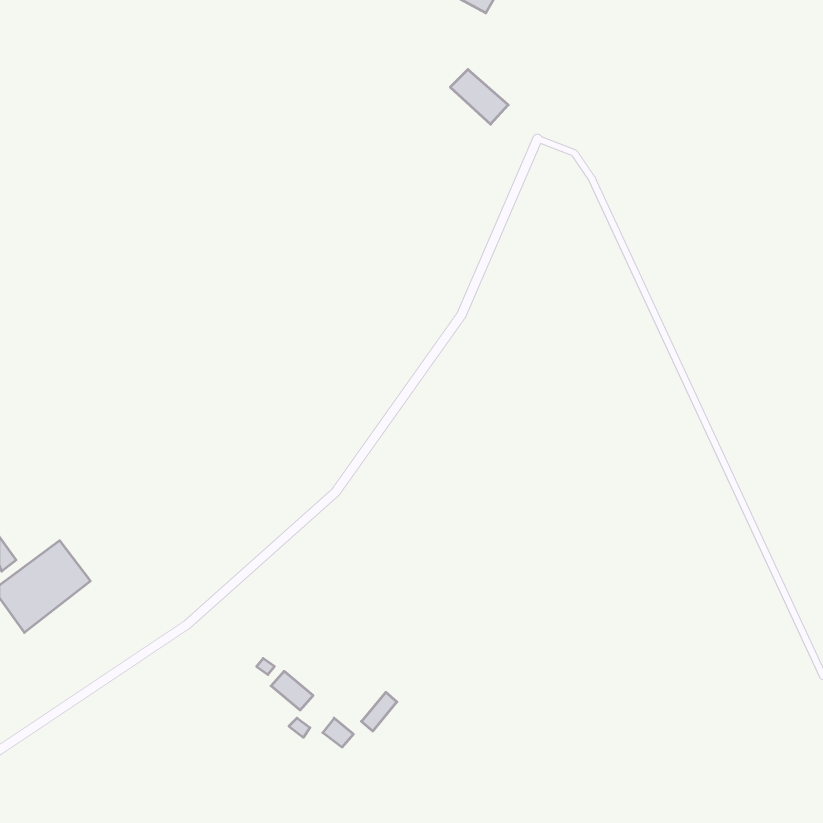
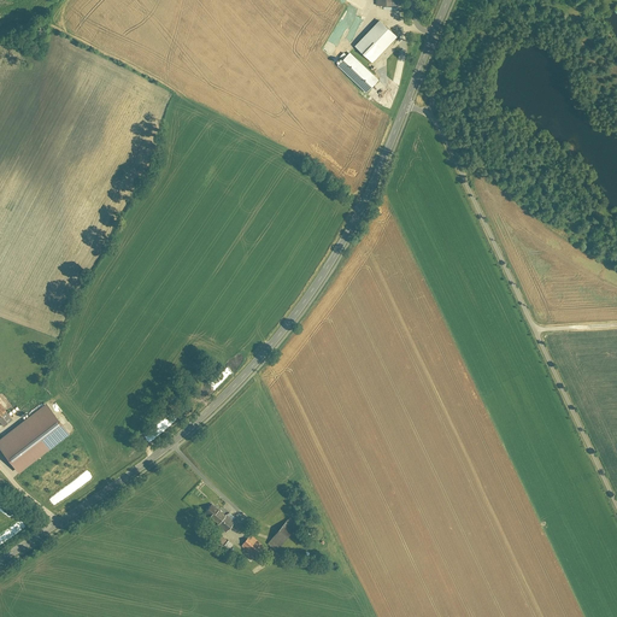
building: none -> [353,19,395,63]

